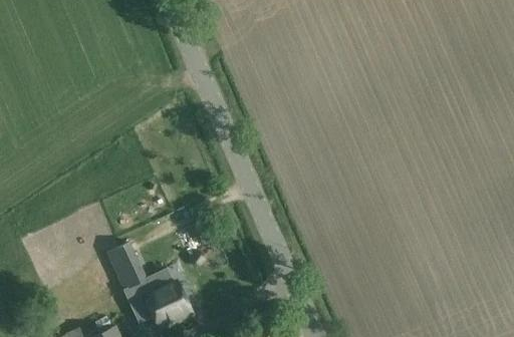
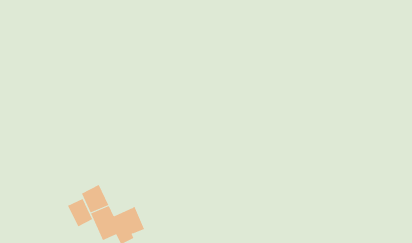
building: none -> [67,198,93,227]

